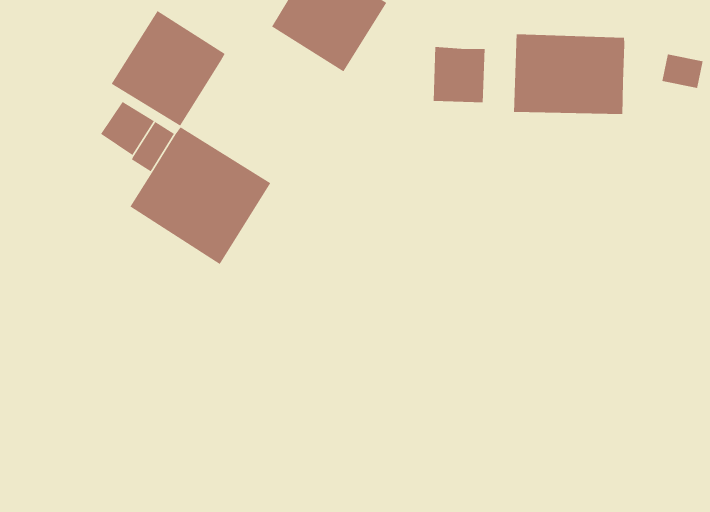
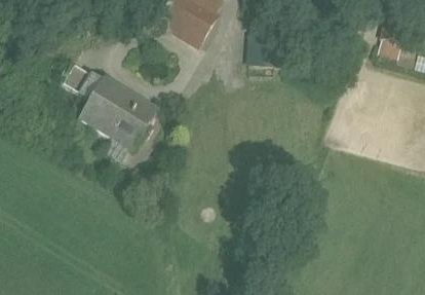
building: [111,10,226,127] -> none
building: [514,33,625,115] -> none

